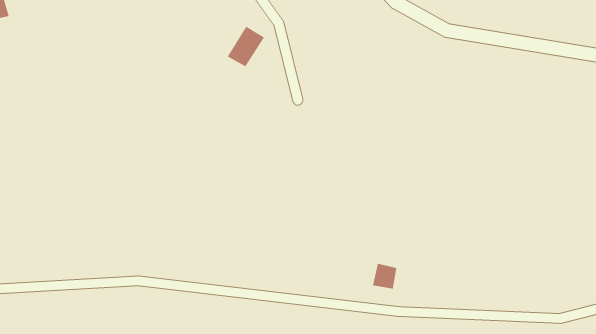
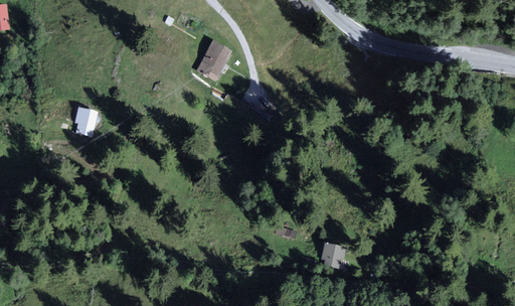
building: none -> [73,108,96,134]

